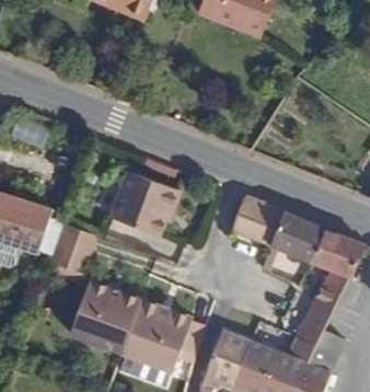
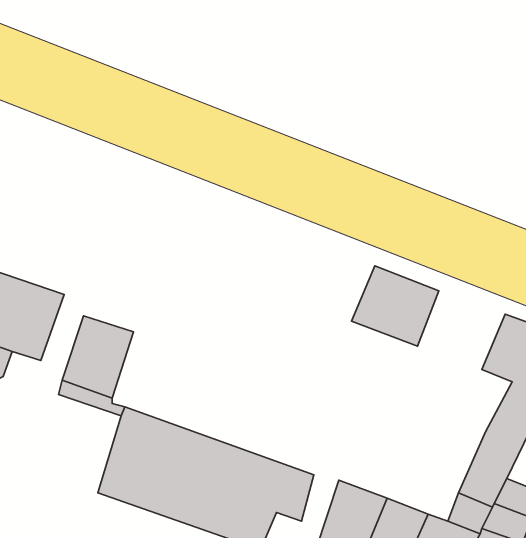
building: [112,177,180,240] -> none
building: [271,215,325,263] -> none

